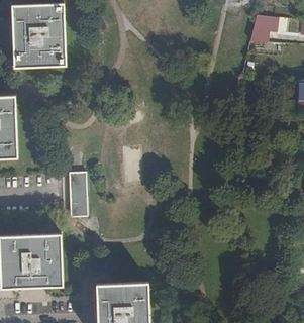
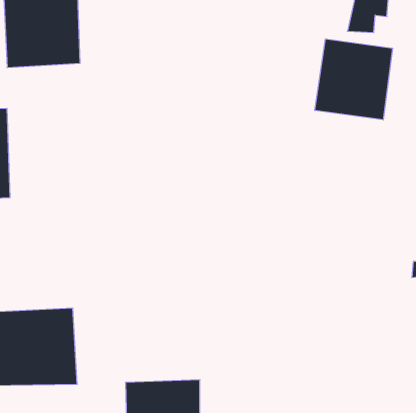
building: none -> [315,39,393,120]
building: [69,173,87,217] -> none

